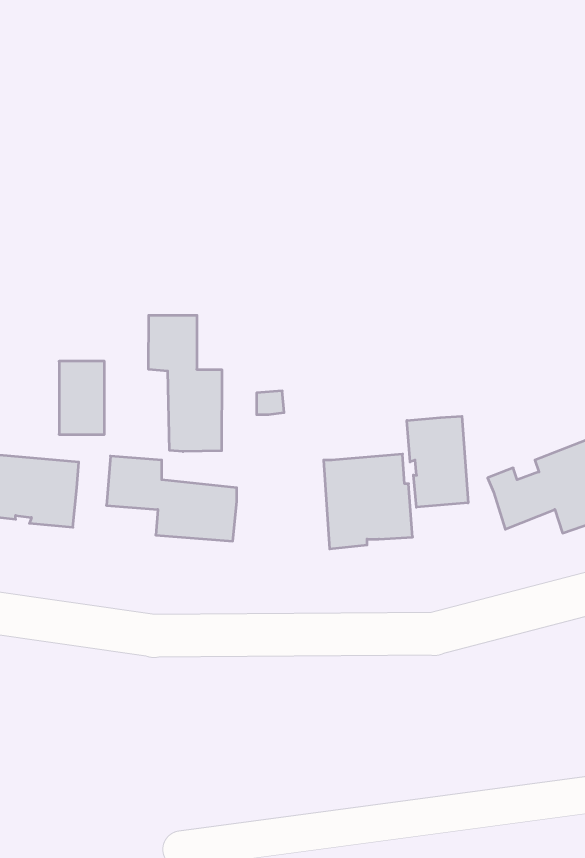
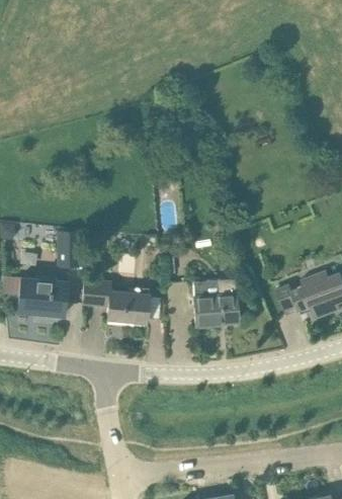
building: [149,315,222,452] -> none
building: [407,416,468,507] -> none

